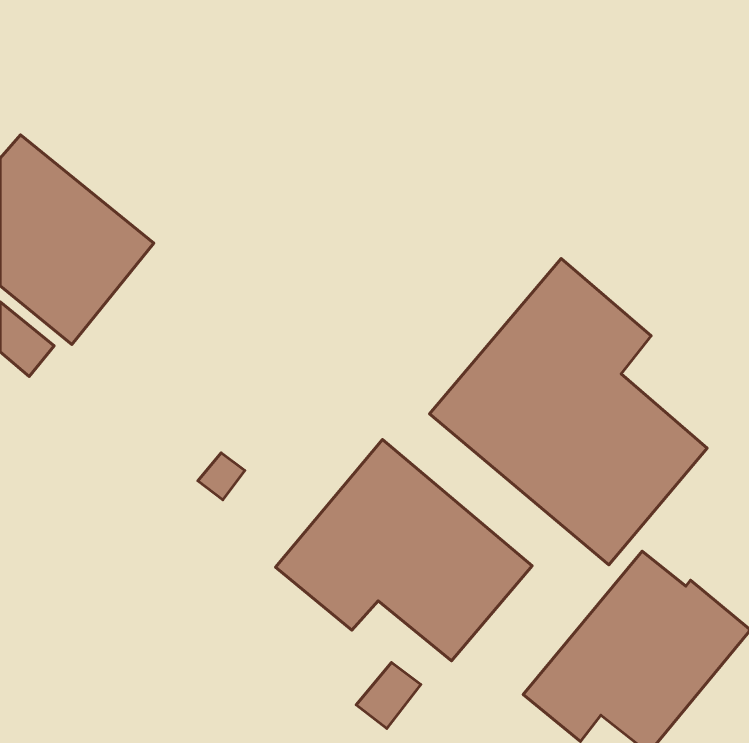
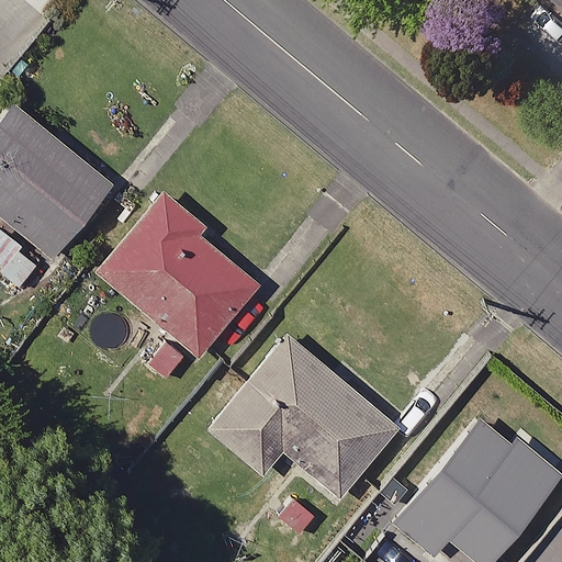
building: none -> [95,191,260,358]
building: [430,259,707,565] -> none

